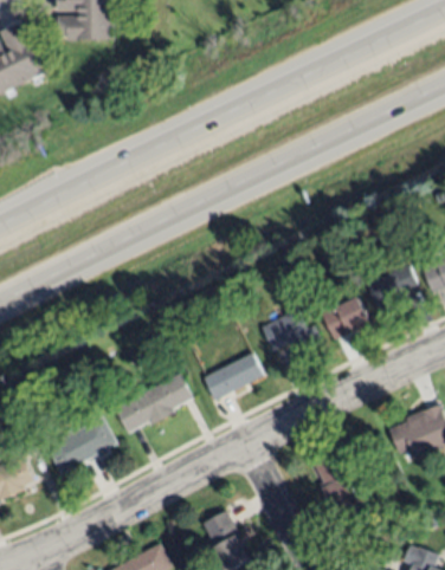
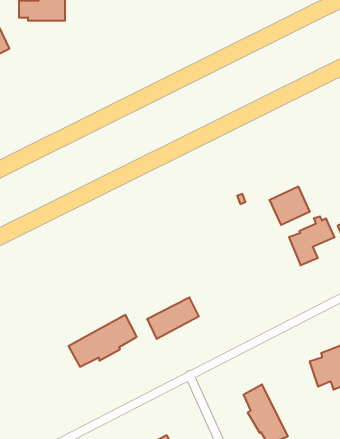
building: [321,297,367,341] -> [269,187,310,225]
building: [260,310,322,354] -> none
building: [47,419,116,474] -> none

